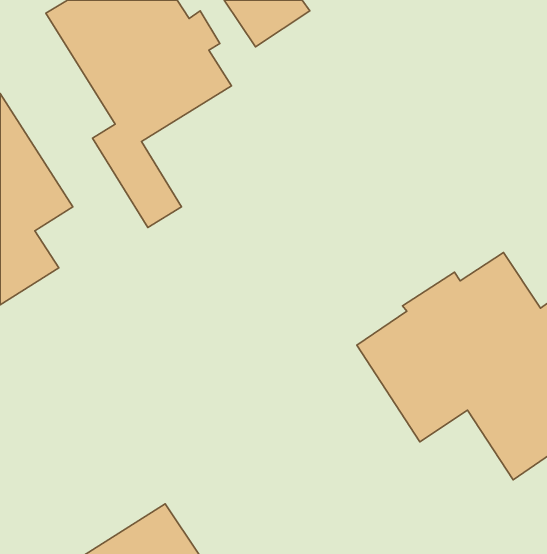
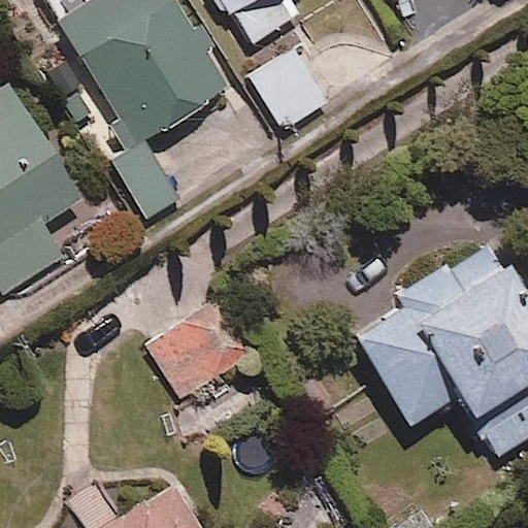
building: none -> [250,46,329,129]
building: none -> [150,297,256,398]

